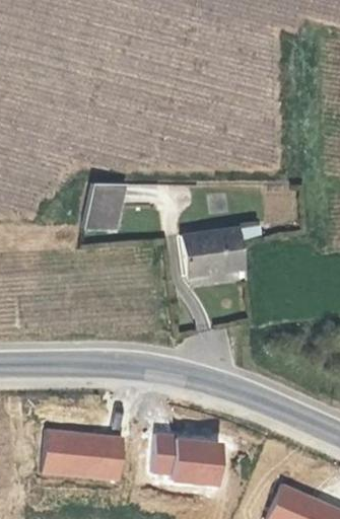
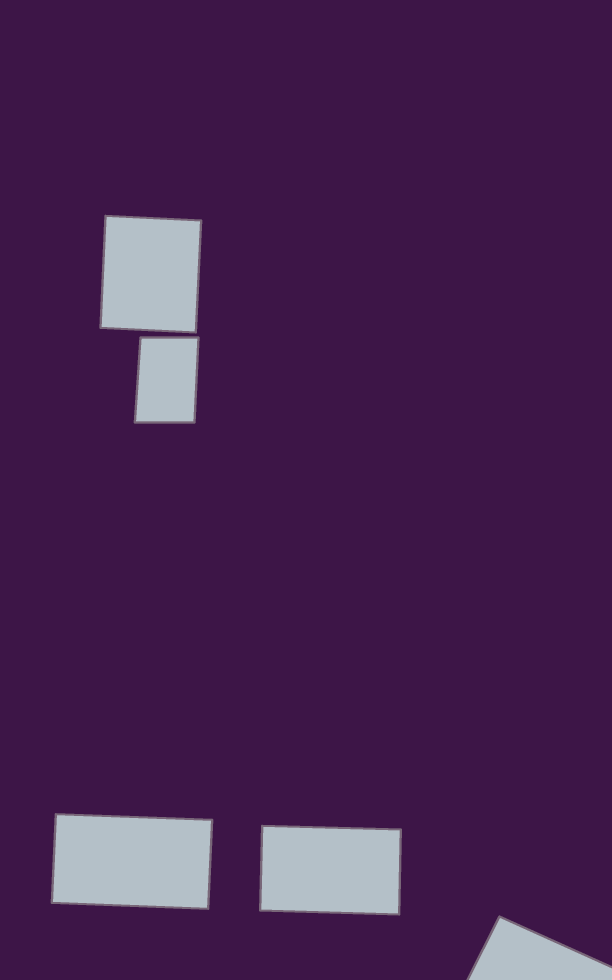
building: none -> [100,216,201,333]
building: [175,229,239,277] -> none

